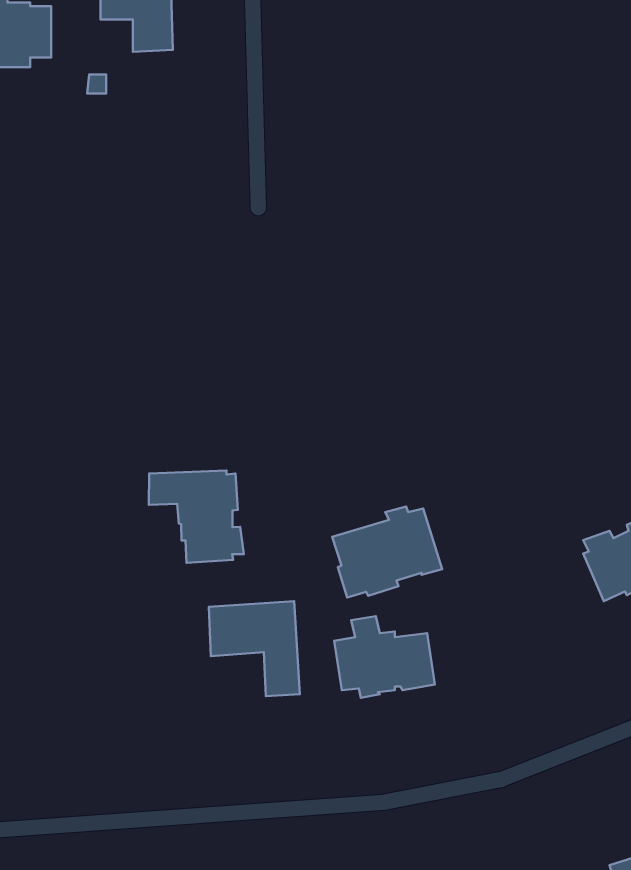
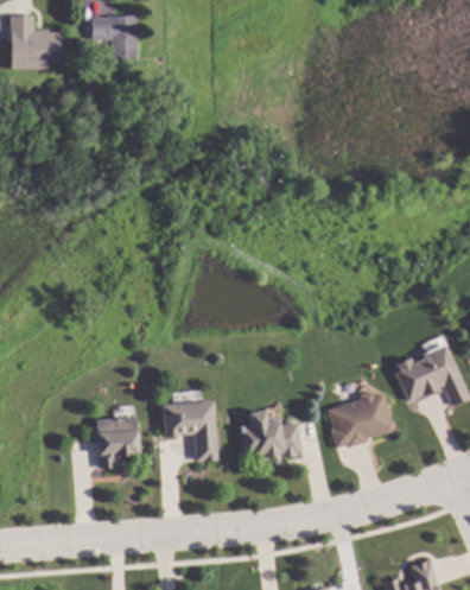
building: [149,470,244,563] -> none
building: [332,506,442,598] -> [325,391,394,448]
building: none -> [93,415,138,467]

